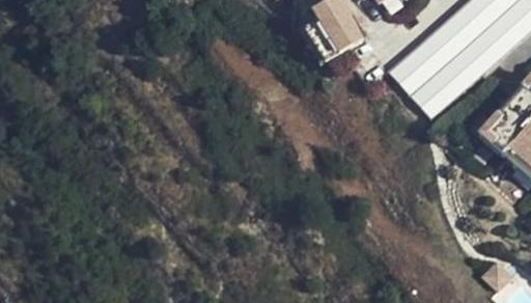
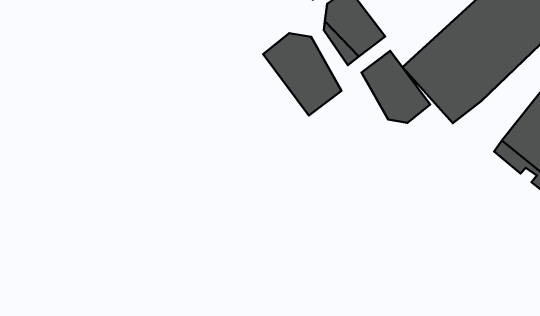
building: none -> [263,33,342,115]
building: none -> [362,51,430,123]

